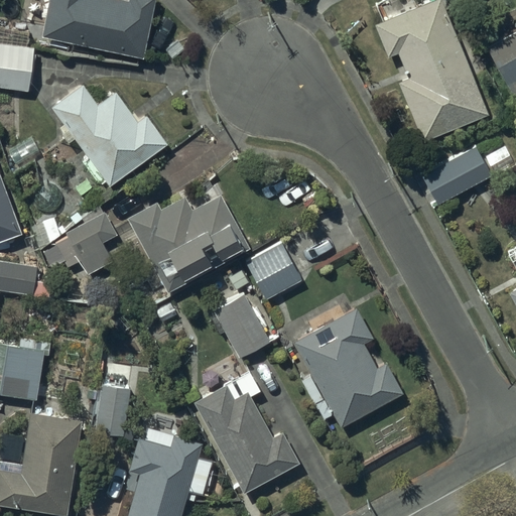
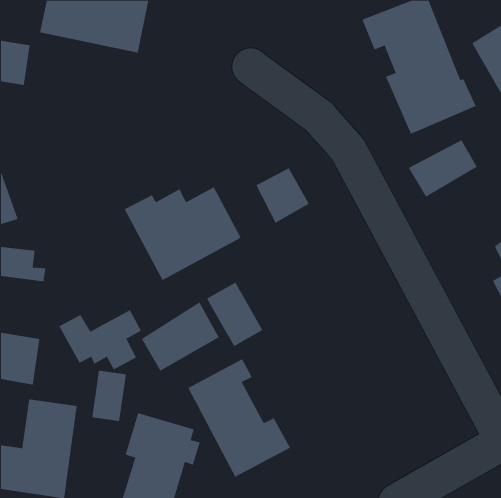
building: [52,86,167,186] -> none
building: [31,213,117,275] -> [58,309,142,370]
building: [246,243,301,300] -> [256,168,310,224]
building: [292,307,403,429] -> none
building: none -> [141,301,220,371]

